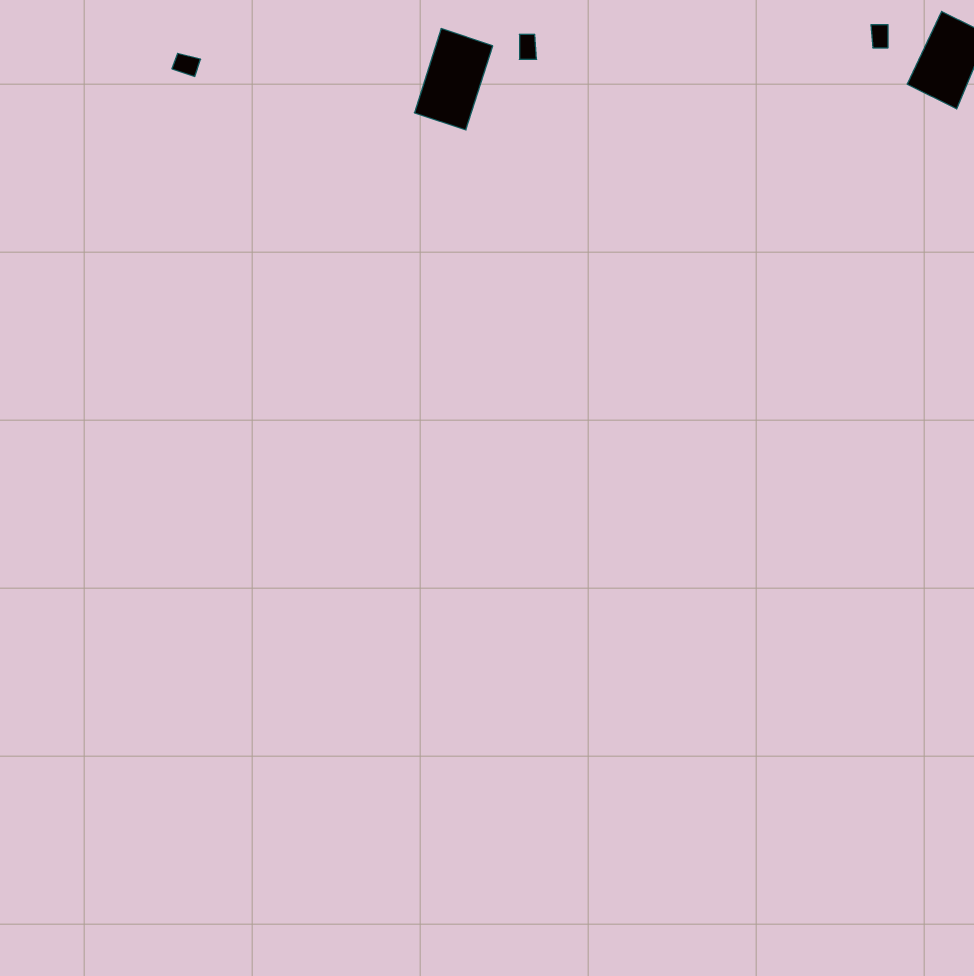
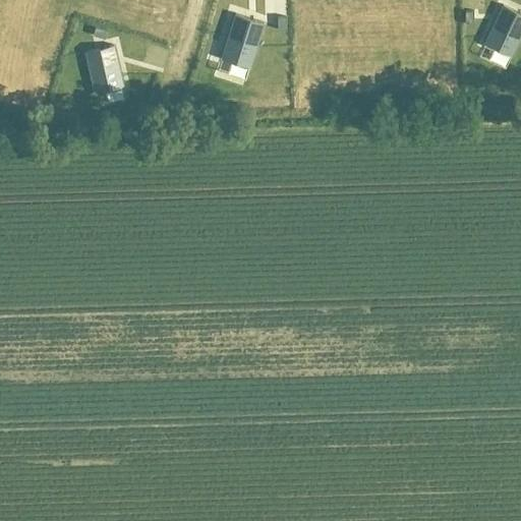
building: none -> [85,47,123,95]

